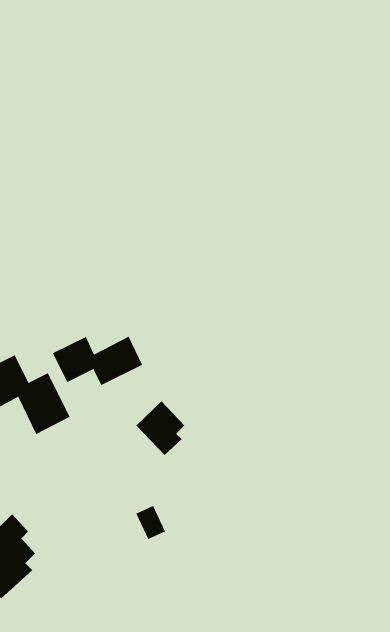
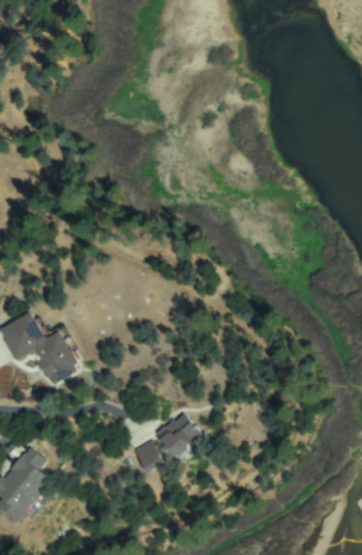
building: [52,336,143,386] -> none
building: [135,401,185,456] -> [158,414,201,461]

